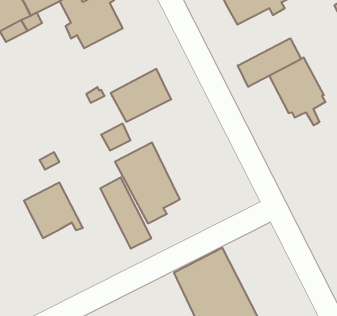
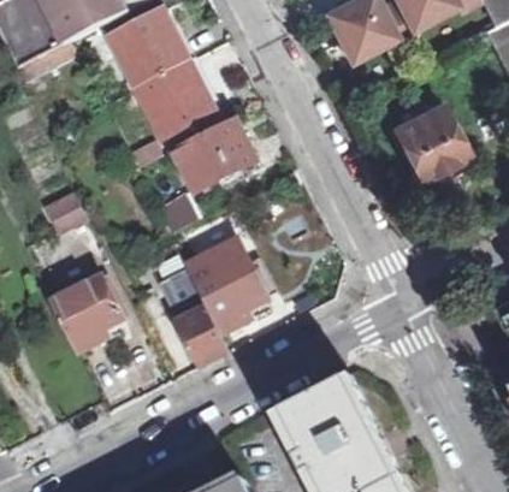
building: none -> [136,61,230,138]
building: [238,38,301,87] -> none
building: none -> [43,192,89,237]

